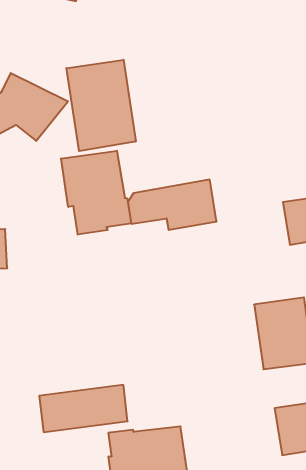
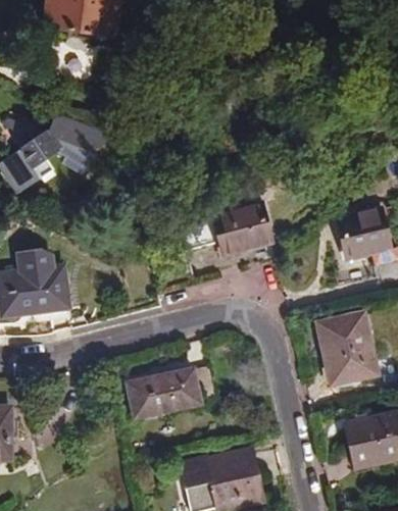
building: [66,60,136,151] -> none
building: [61,151,131,235] -> none
building: [39,385,128,432] -> [127,364,216,417]

